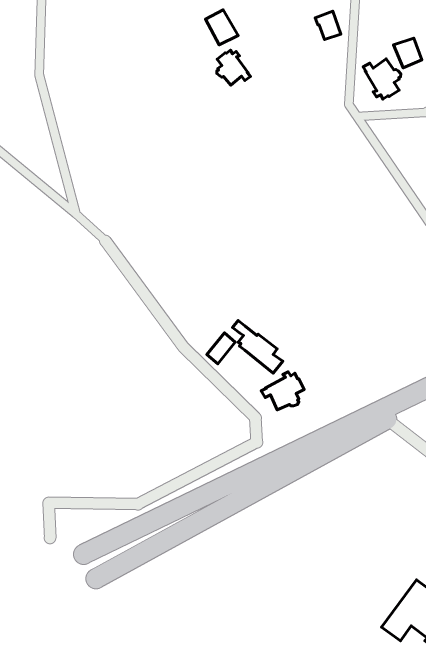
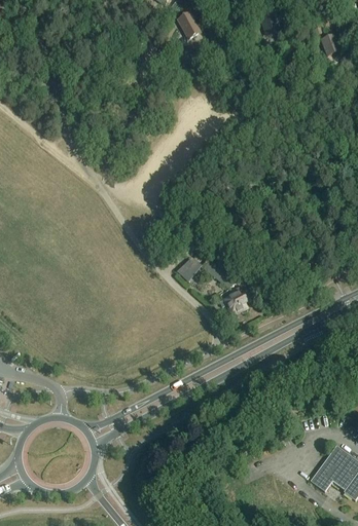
building: [217,50,250,85] -> none
building: [363,59,401,99] -> none

